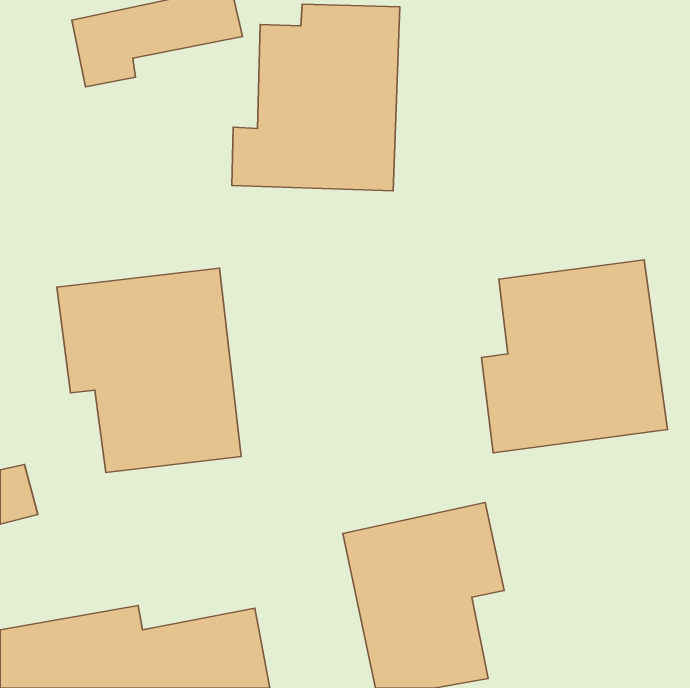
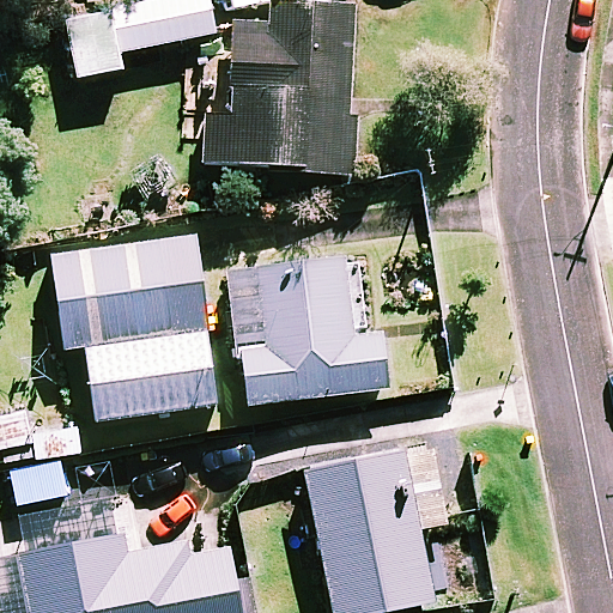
building: [482,260,667,453] -> none
building: none -> [229,256,388,406]

